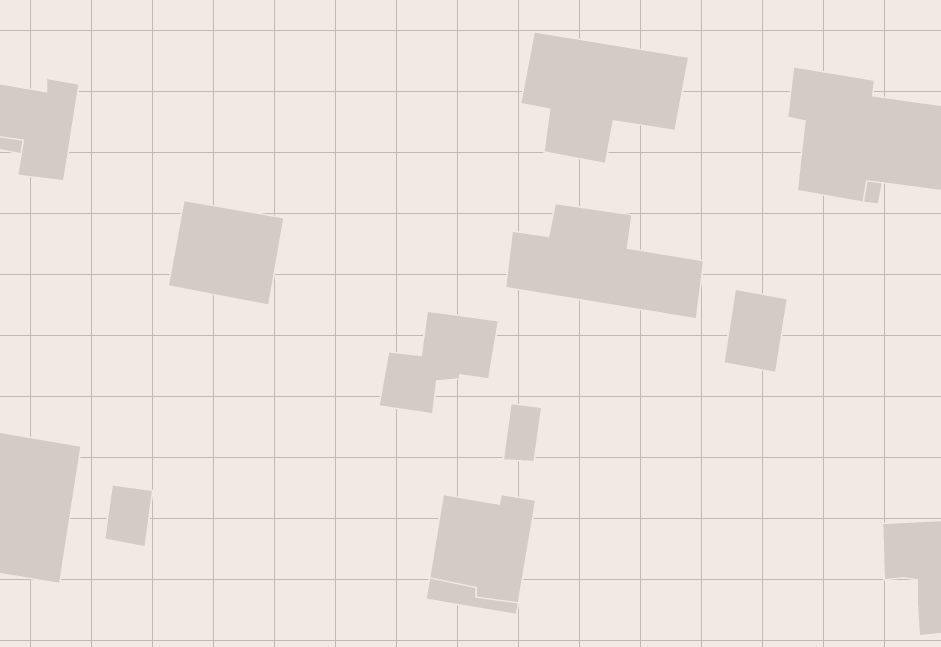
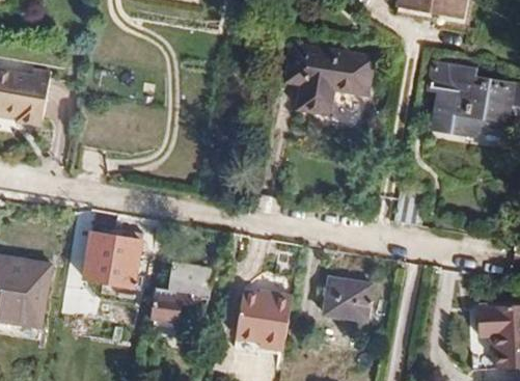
building: [168,201,284,305] -> [81,233,143,289]
building: [505,204,704,319] -> none
building: [379,311,499,414] -> [148,263,213,318]
building: none -> [323,276,374,321]

